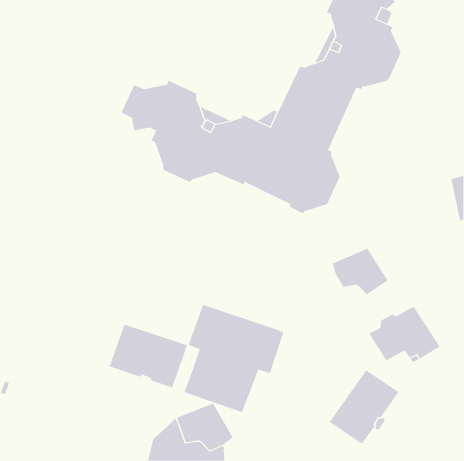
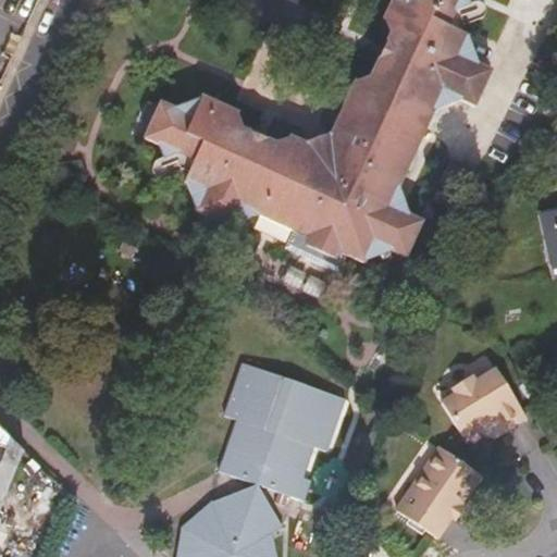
building: none -> [285,219,347,267]
building: [332,248,388,295] -> none
building: [109,324,188,388] -> none

